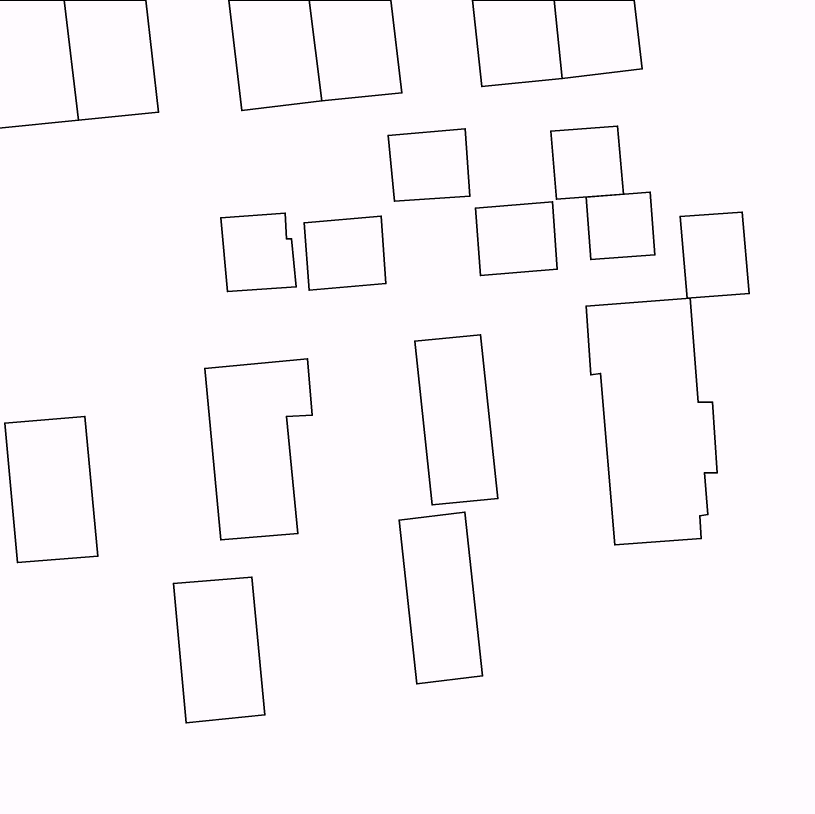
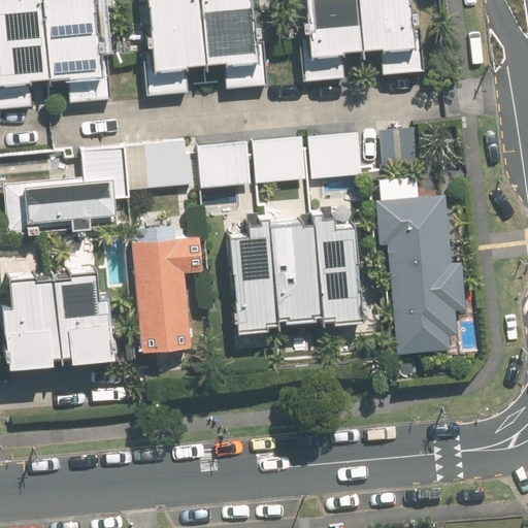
building: [551,126,623,199] -> none
building: [388,129,470,201] -> [251,137,303,184]
building: [680,212,749,298] -> none
building: none -> [24,147,126,226]
building: none -> [309,214,363,324]
building: [399,512,482,684] -> [225,223,278,333]
building: [173,577,265,723] -> [55,267,113,361]

